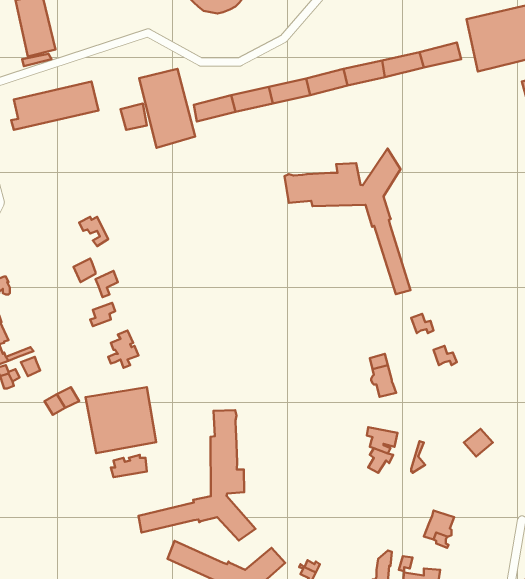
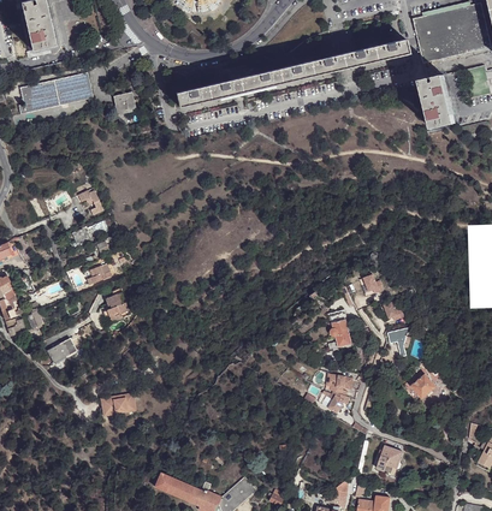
building: [139,69,195,148] -> none
building: none -> [421,77,455,130]
building: [284,149,410,294] -> none
building: [86,387,156,453] -> none
building: [138,410,256,540] -> none

